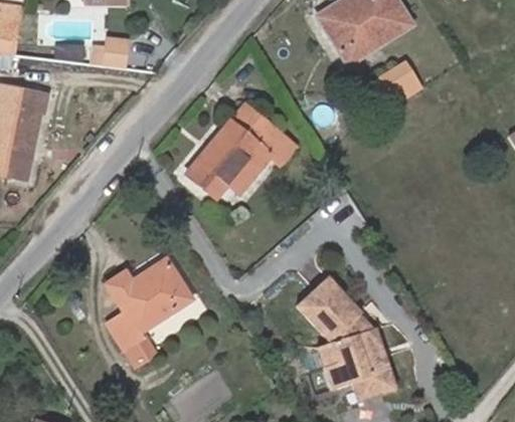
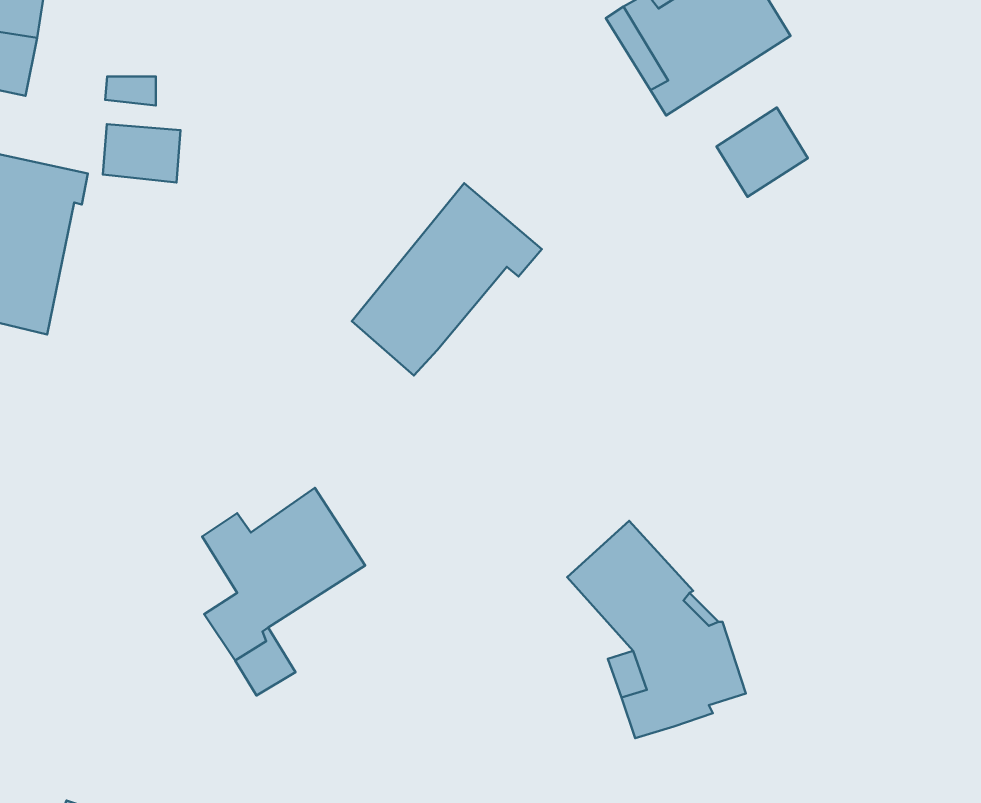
building: [92,35,132,65] -> [103,124,180,182]
building: [228,135,298,197] -> none
building: [351,365,396,401] -> none

